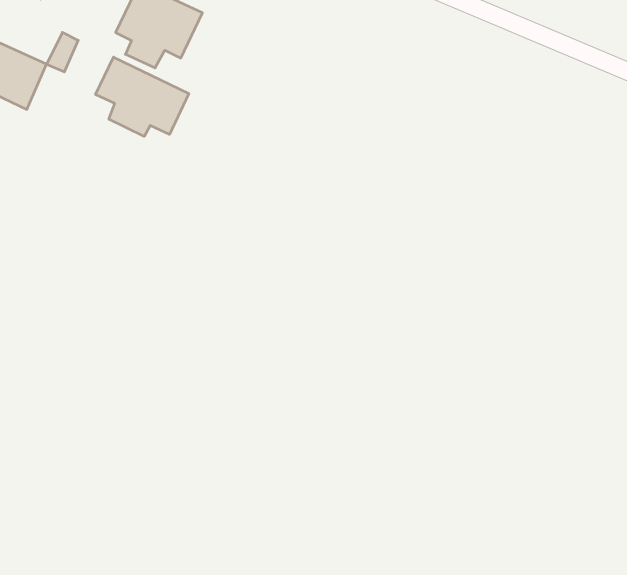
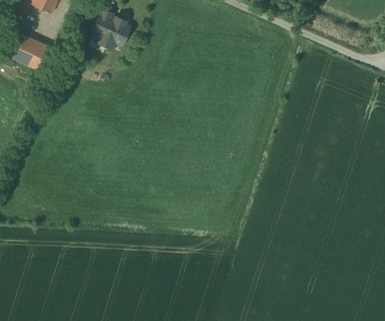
building: [96,57,189,136] -> none

